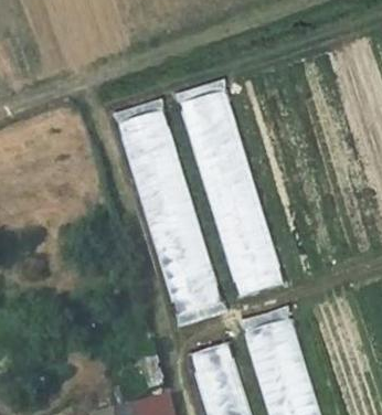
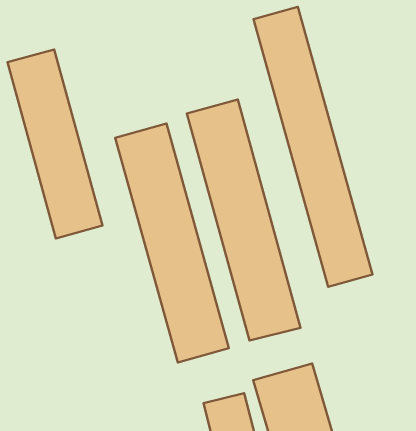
building: none -> [254,7,372,287]
building: none -> [7,49,102,238]

